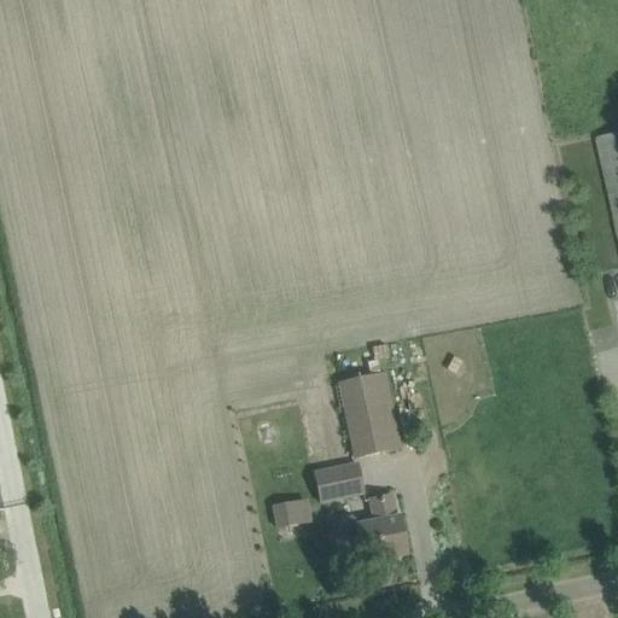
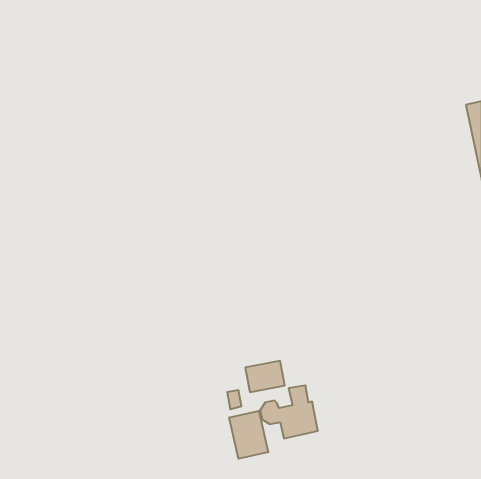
building: [340,373,395,455] -> none
building: none -> [229,411,268,459]

